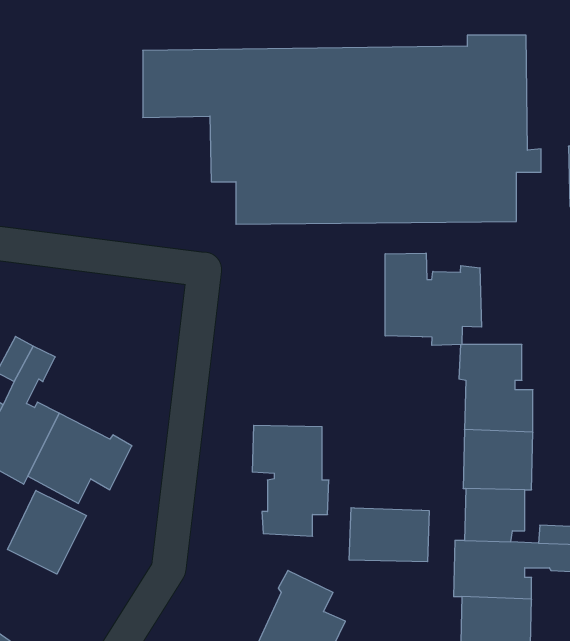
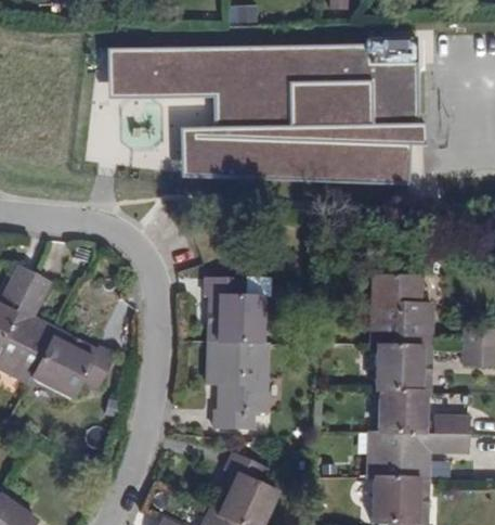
building: [385,253,481,345] -> none
building: none -> [205,280,263,342]
building: [8,490,86,574] -> none
building: [349,508,429,562] -> none

